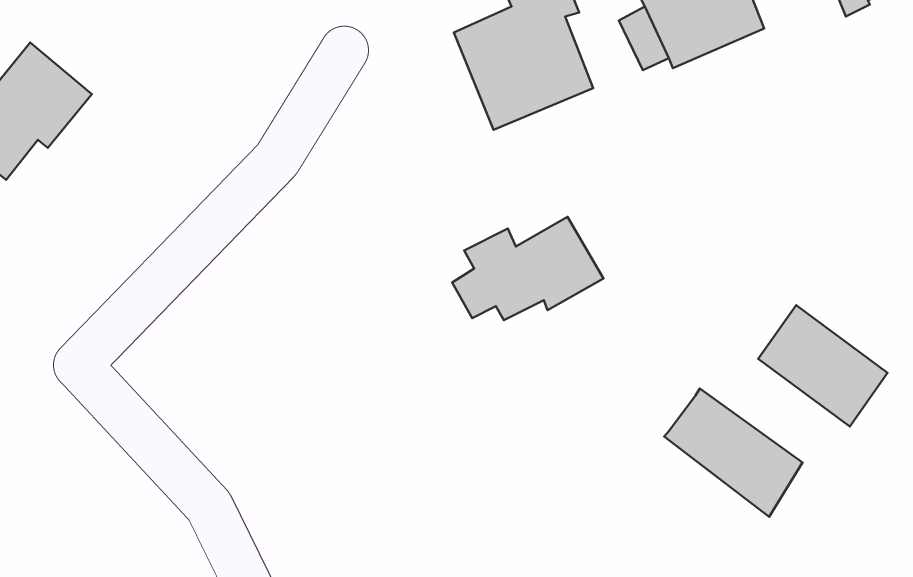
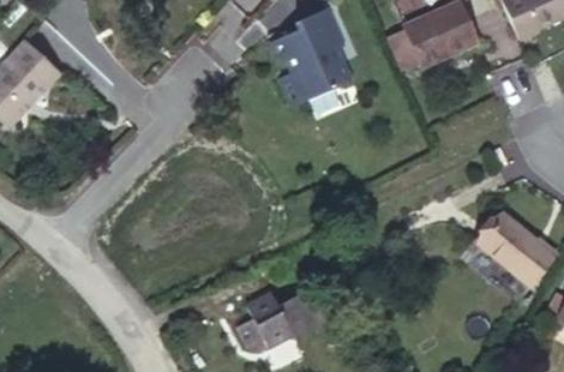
building: [452,217,603,320] -> [241,287,332,349]
building: [664,388,802,517] -> none

